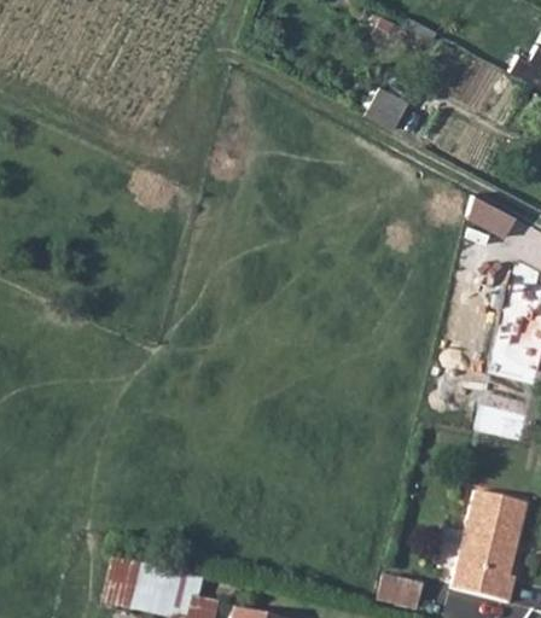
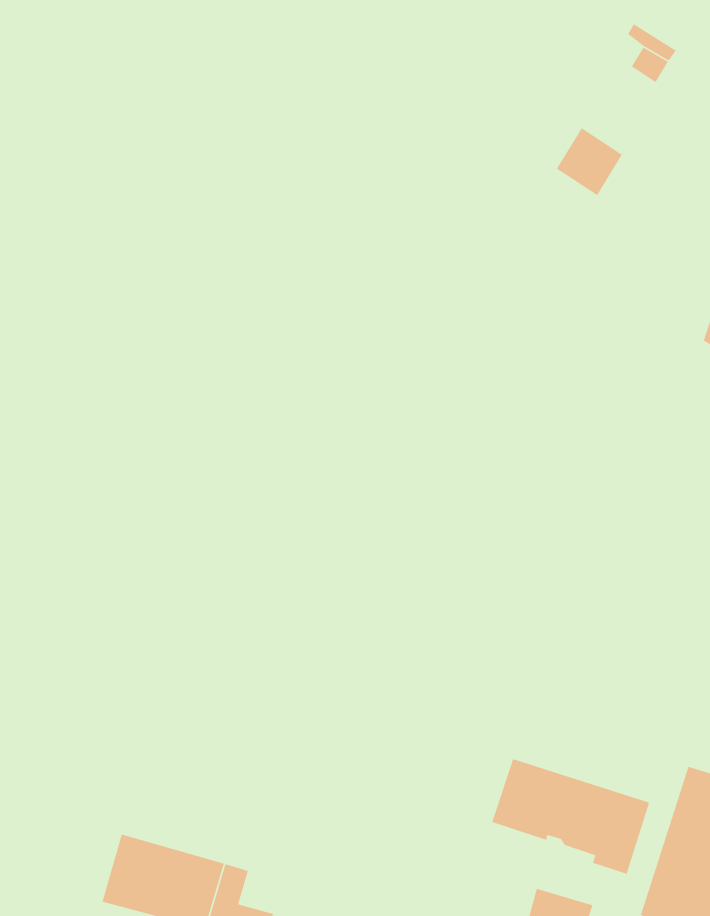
building: none -> [491,758,650,875]

